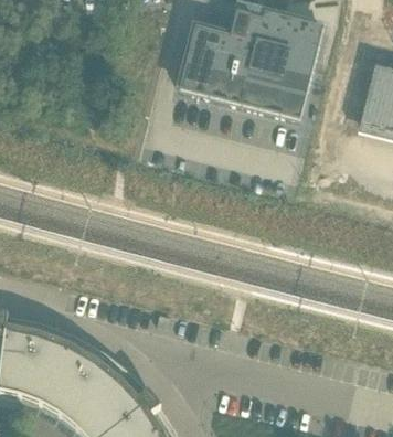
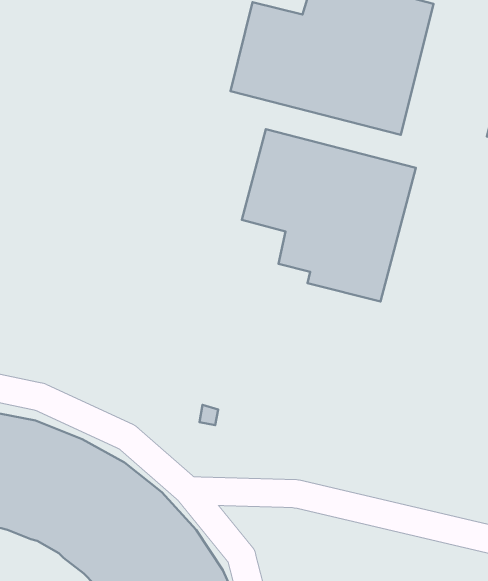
building: none -> [242,129,416,301]

